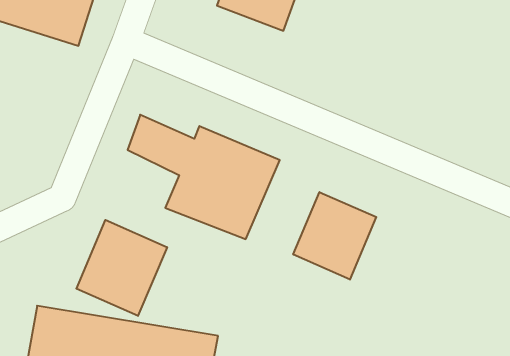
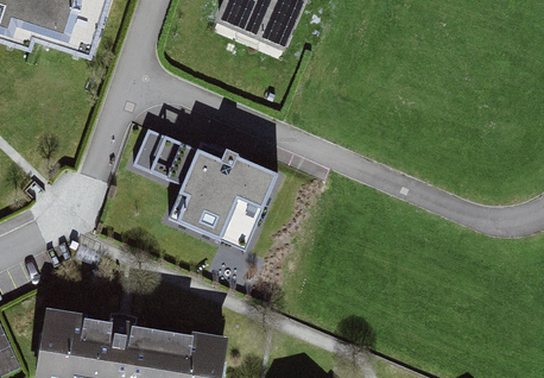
building: [293,192,376,280] -> none
building: [76,220,167,316] -> none

